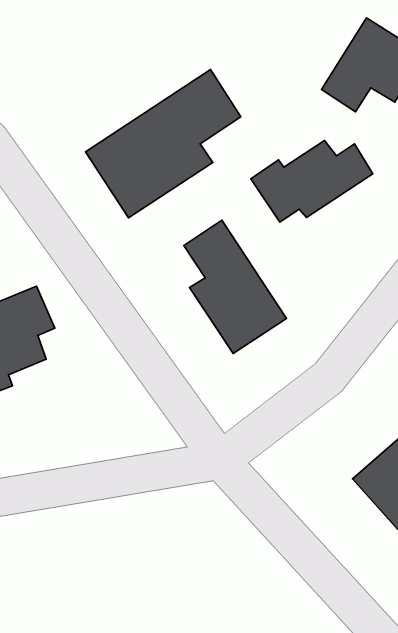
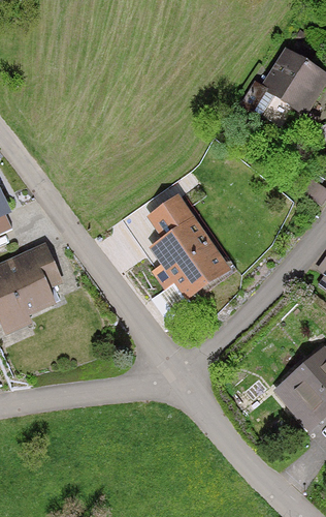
building: [85,70,241,218] -> none
building: [251,140,373,222] -> none

